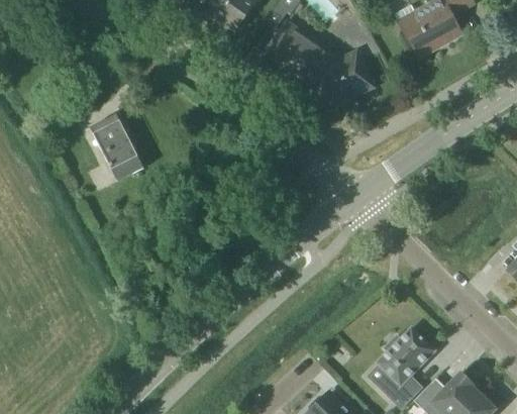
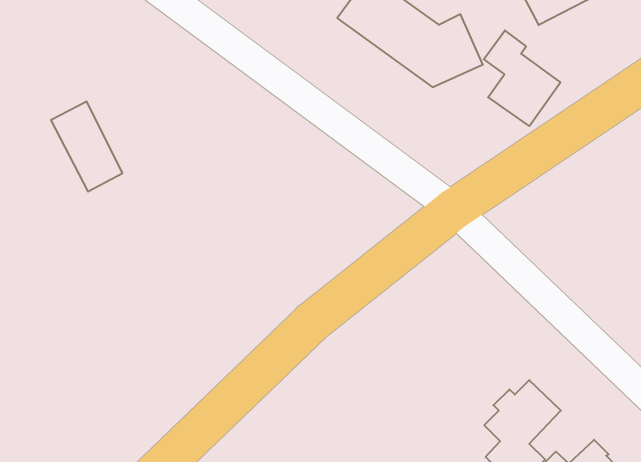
building: none -> [484,30,560,126]
building: [90,113,144,182] -> [51,101,122,192]

